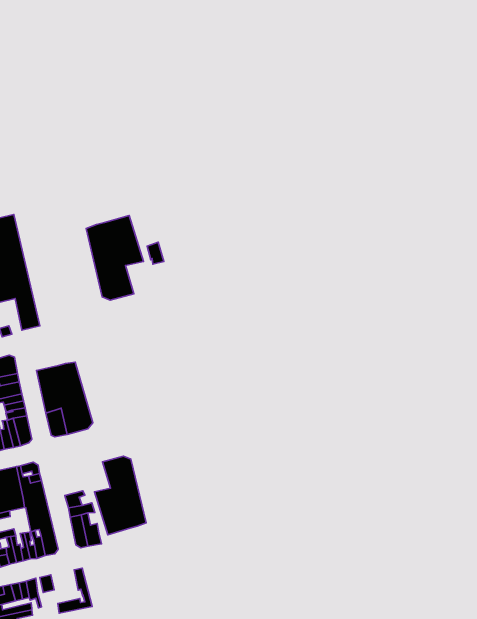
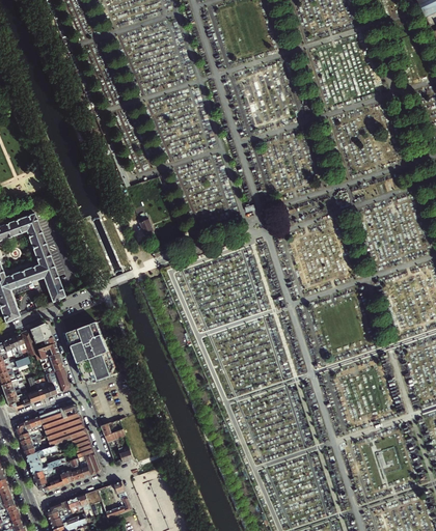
building: [86,215,143,300] -> none
building: [94,456,146,535] -> none

